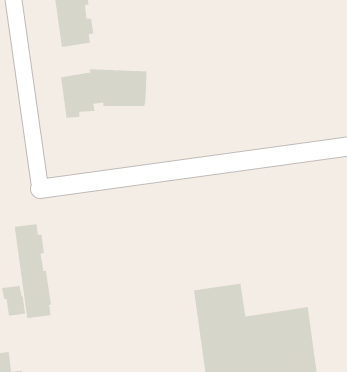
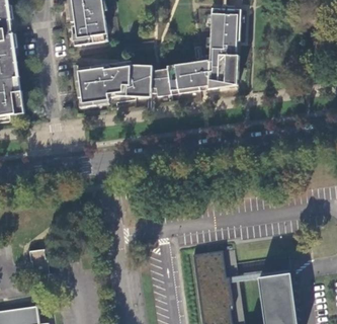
building: none -> [152,8,240,96]
building: [14,224,51,319] -> none

